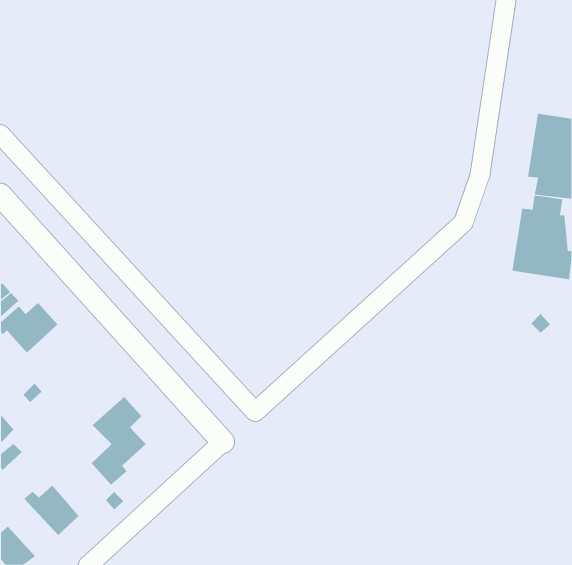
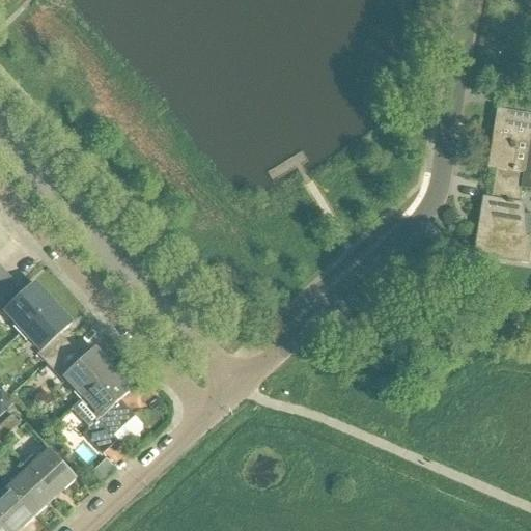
building: none -> [25,301,72,357]
building: none -> [48,340,115,394]
building: none -> [7,463,54,515]

